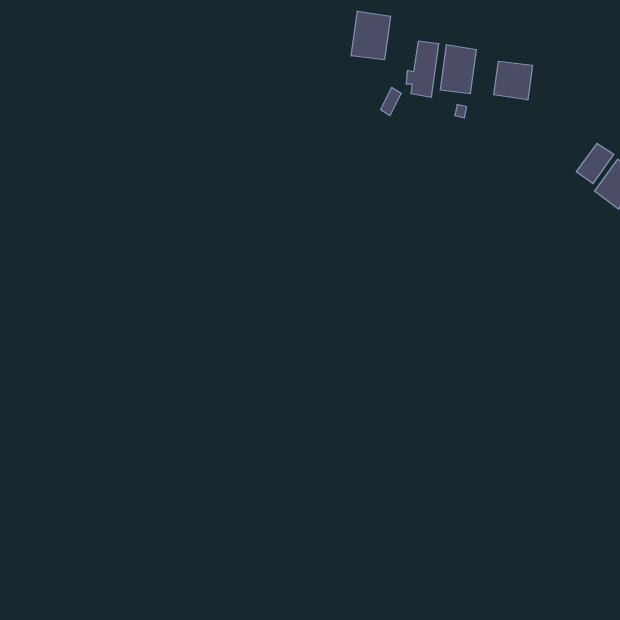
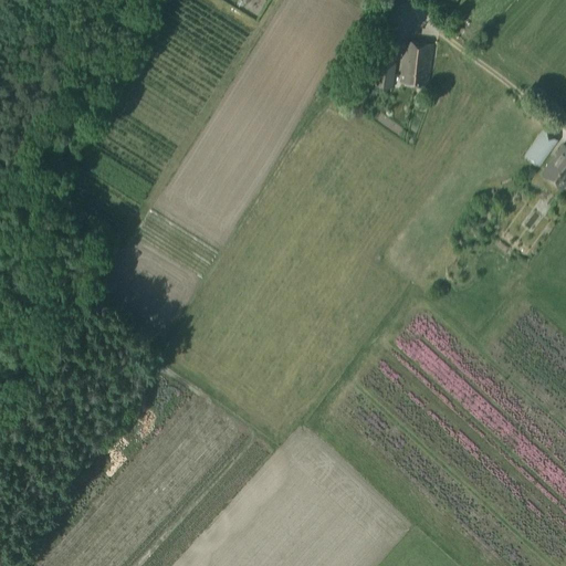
building: [351,11,390,60] -> none
building: [494,61,532,100] -> none

